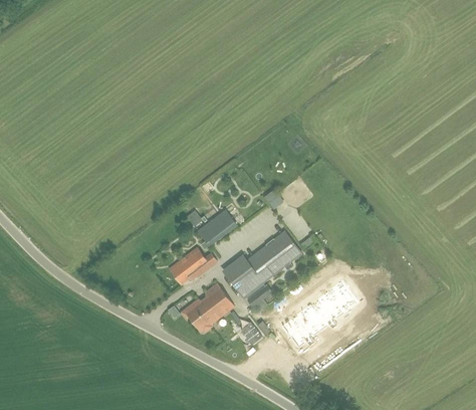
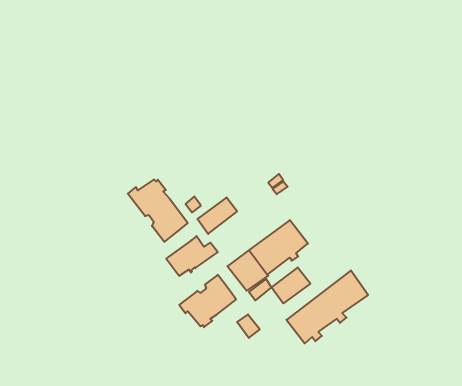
building: none -> [128,179,188,242]
building: none -> [271,267,310,303]

